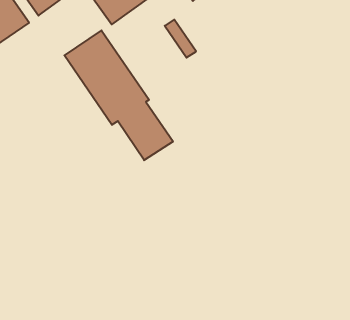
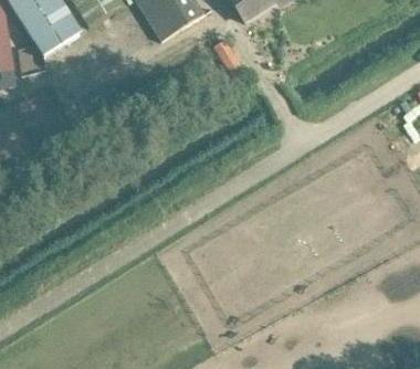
building: [64,30,173,160] -> none

